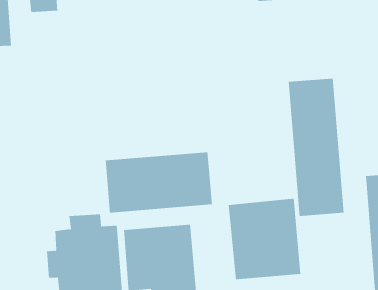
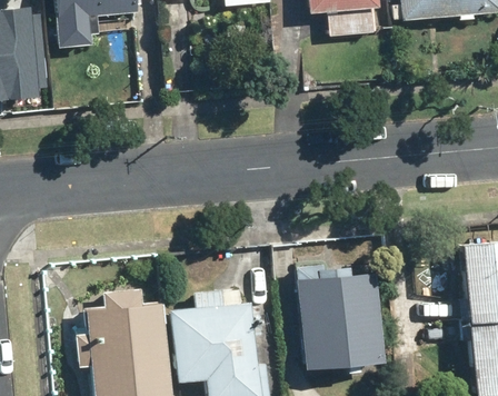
building: [288,78,344,217] -> none
building: [105,151,212,213] -> none

